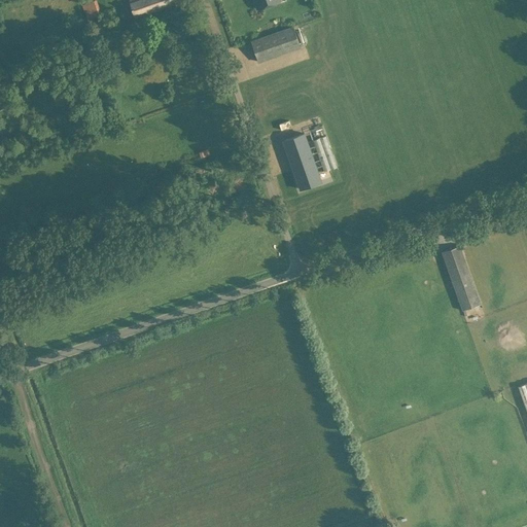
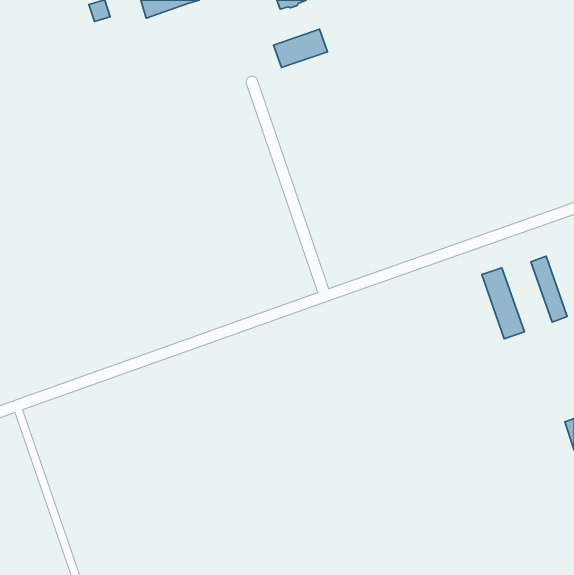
building: [282,133,320,188] -> none
building: none -> [531,256,567,322]

